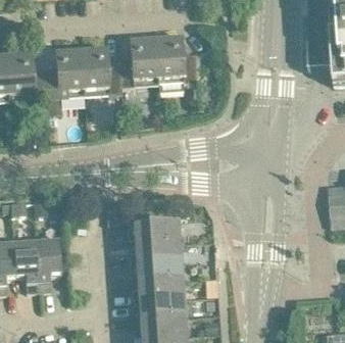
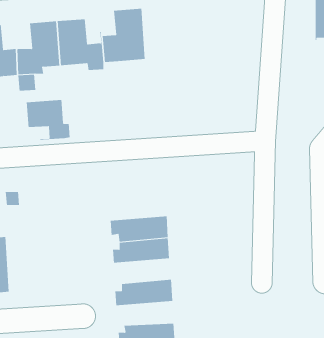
building: [156,35,197,89] -> none
building: none -> [26,99,70,141]
building: [36,238,61,288] -> none
building: [131,258,183,281] -> none
building: [133,296,185,317] -> none

